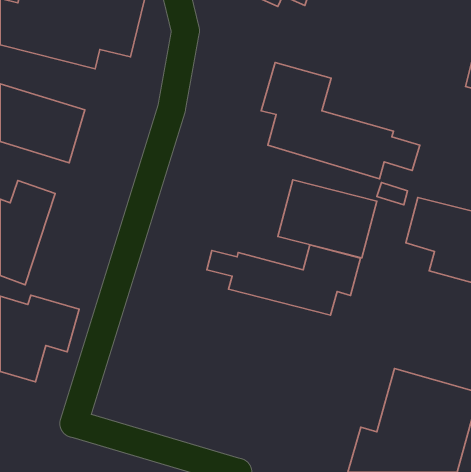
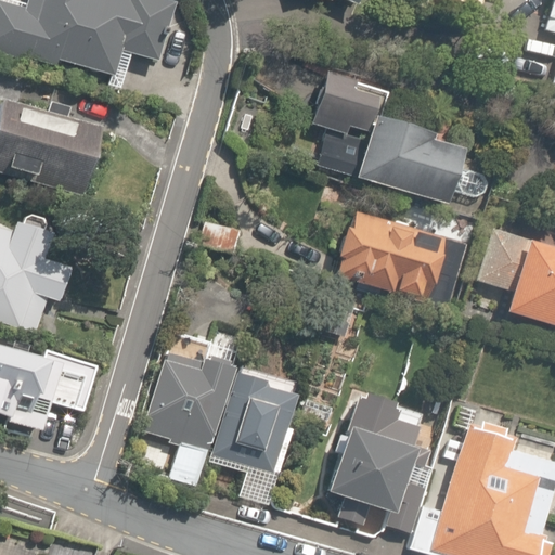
building: [207,245,361,315] -> none
building: none -> [142,356,231,483]
building: none -> [214,366,299,475]
building: none -> [327,390,423,533]

